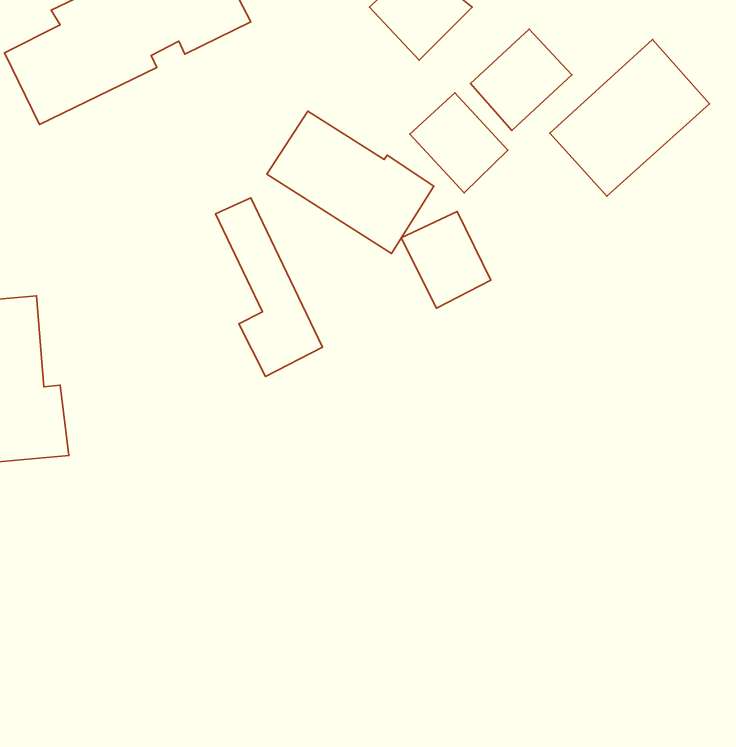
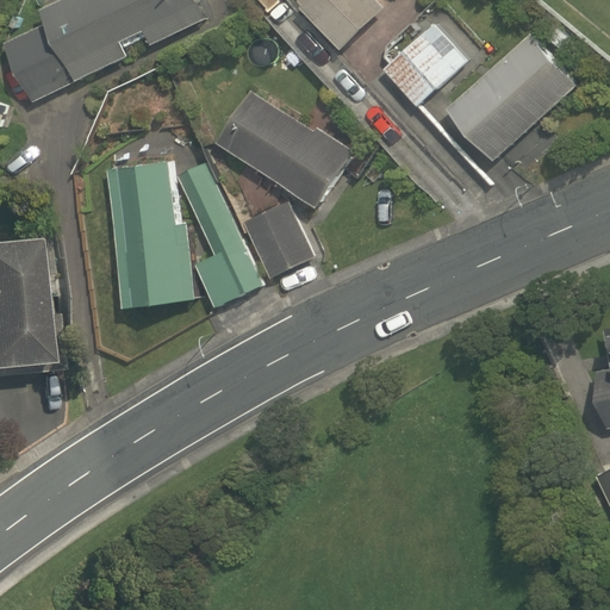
building: [410,93,508,193] -> none
building: none -> [106,161,198,306]
building: [401,211,491,308] -> [241,200,313,279]

